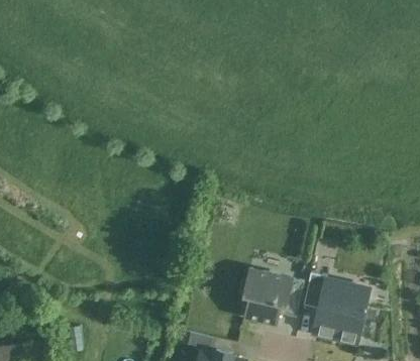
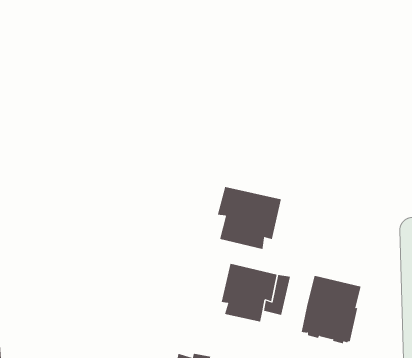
building: none -> [217,186,282,250]
building: [303,272,326,308] -> none

